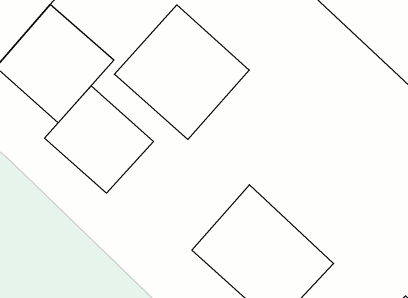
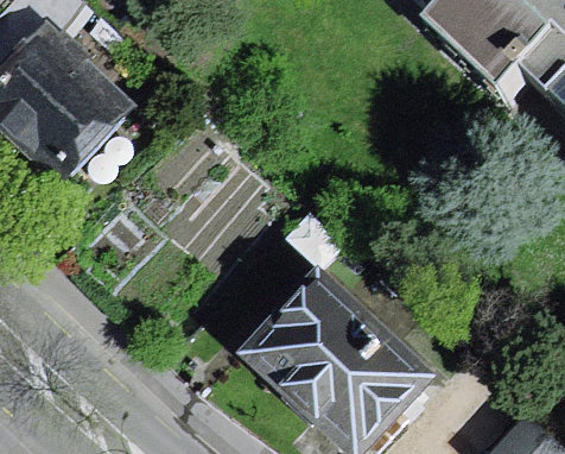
building: [114,5,249,139] -> none
building: [45,86,153,193] -> none

